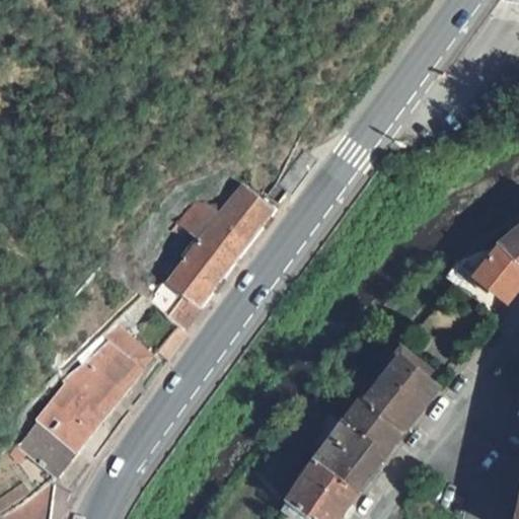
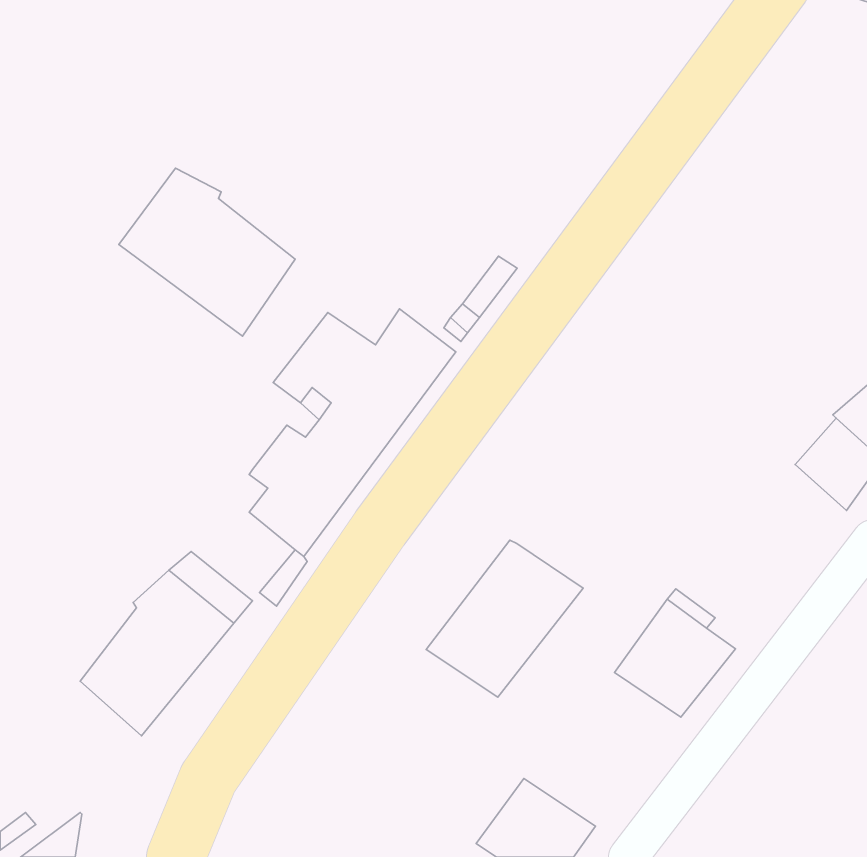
building: none -> [119,168,295,336]
building: [314,397,407,491] -> [426,540,583,697]
building: [8,404,87,476] -> none

